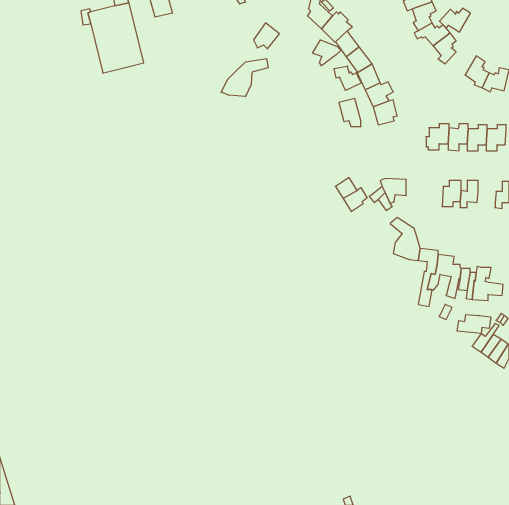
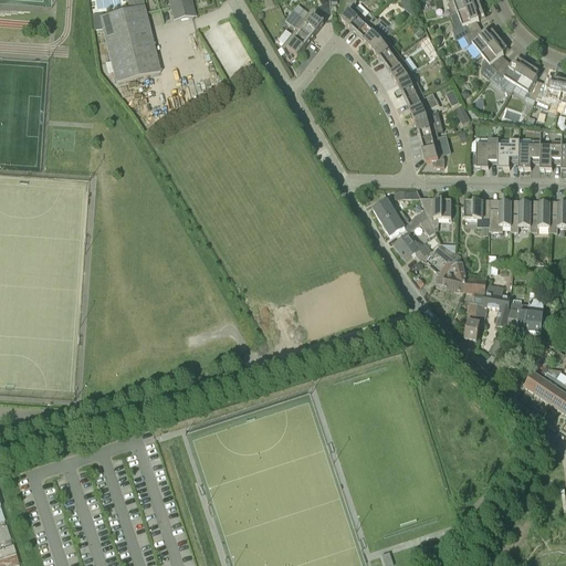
building: none -> [284,4,323,38]
building: [439,8,470,32] -> [493,56,527,83]
building: [313,40,341,66] -> none
building: [221,59,268,97] -> none
building: [334,66,361,90] -> none
building: [339,99,361,127] -> [419,134,443,165]
building: none -> [463,199,491,232]
building: none -> [528,201,549,230]
building: none -> [391,229,431,259]
building: [457,315,491,333] -> none

